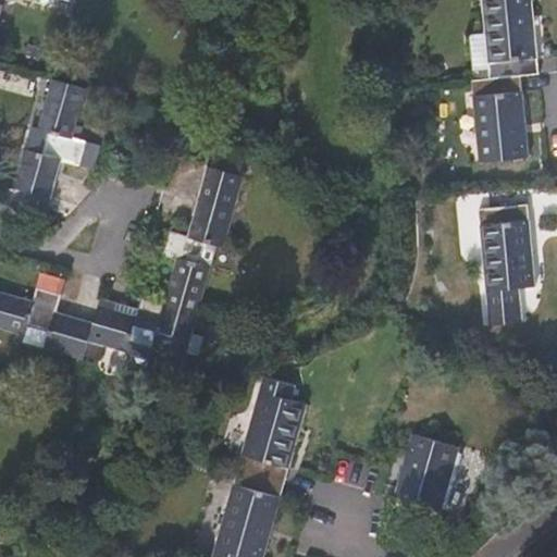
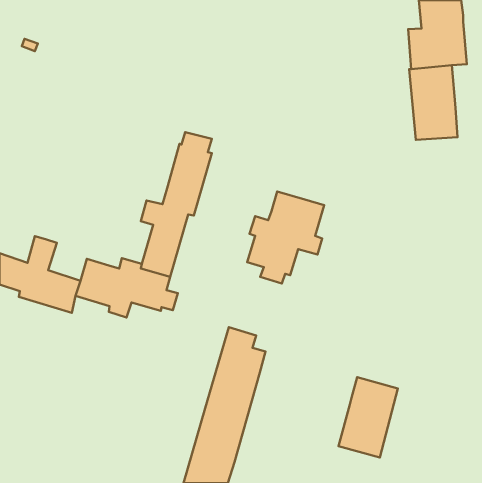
building: [9,78,101,213] -> none
building: [479,205,535,325] -> none
building: none -> [247,192,324,284]

